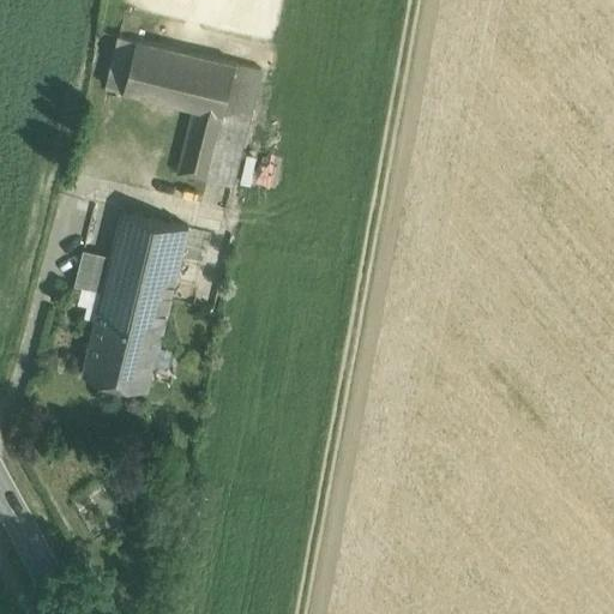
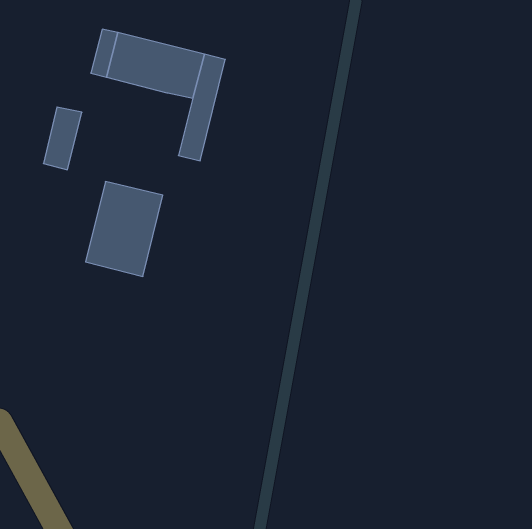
building: [177,112,222,183] -> [43,107,82,170]
building: [73,252,107,293] -> none
building: [80,306,164,392] -> none

